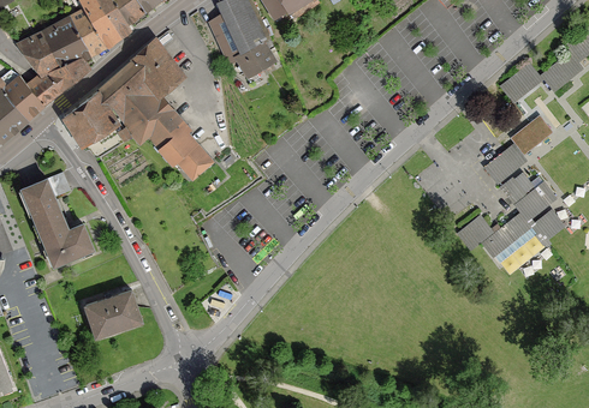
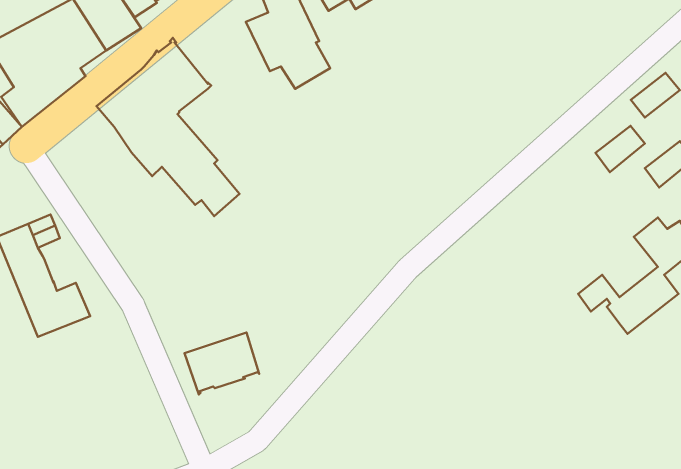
building: [63,91,130,158] -> none
building: [486,146,523,181] -> [596,126,645,172]
building: [84,290,141,337] -> [184,333,259,395]

